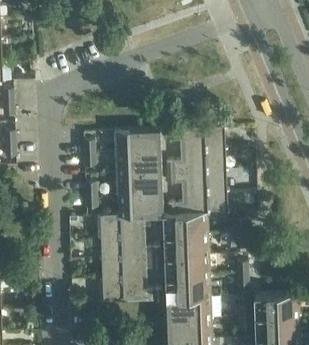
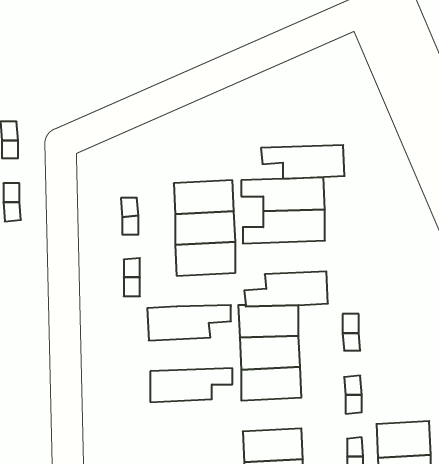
building: [167,171,224,194] -> [261,145,345,179]
building: [122,193,163,216] -> none
building: [103,237,160,260] -> none
building: [166,278,207,301] -> none
building: [104,279,161,303] -> none

